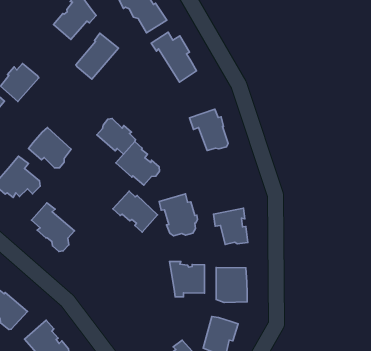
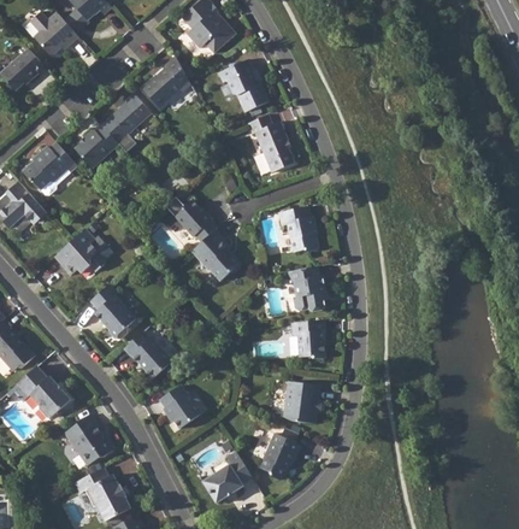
building: [76,33,118,79] -> [101,93,151,142]
building: [28,127,71,168] -> none
building: [113,191,157,232] -> [122,330,170,377]
building: [159,194,198,236] -> [288,265,328,311]
building: [170,261,205,297] -> none
building: none -> [159,384,201,429]

